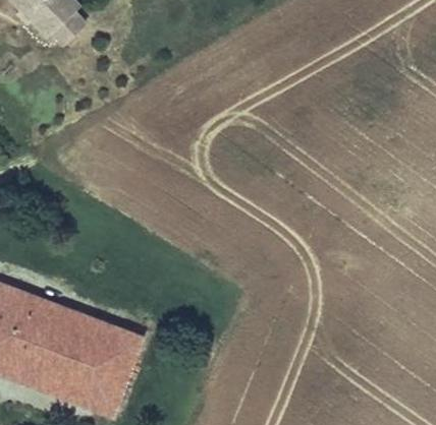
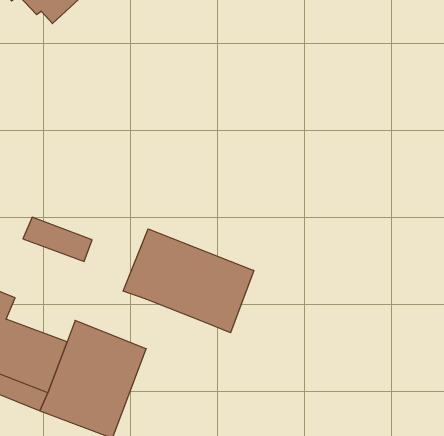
building: none -> [123,229,254,333]
building: [16,292,78,331] -> [23,217,92,261]

